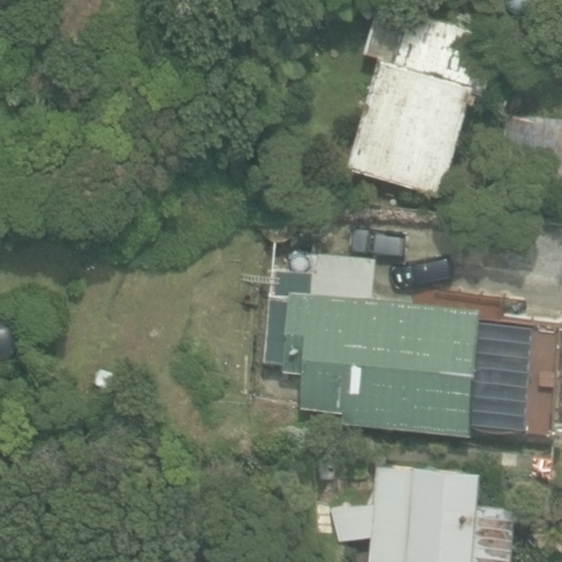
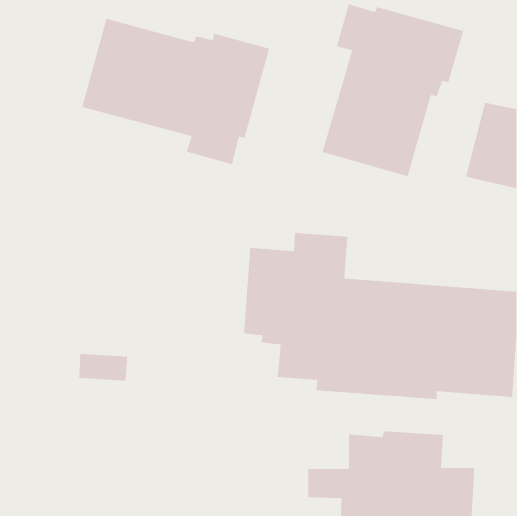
building: none -> [81,18,270,165]

